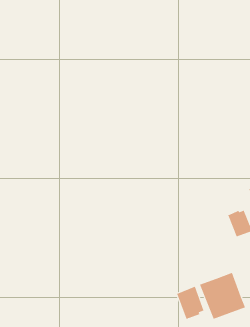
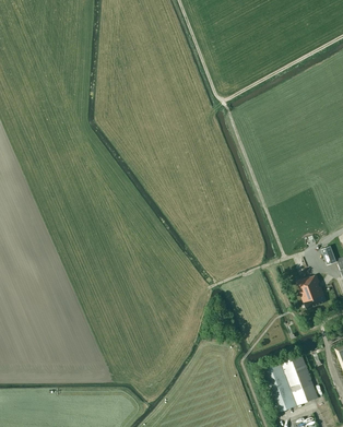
building: [177,286,204,320] -> none

